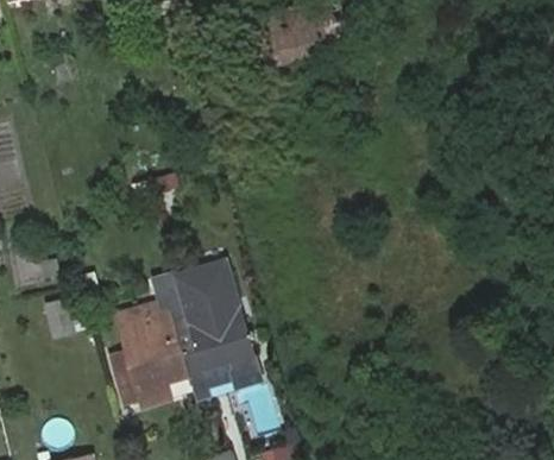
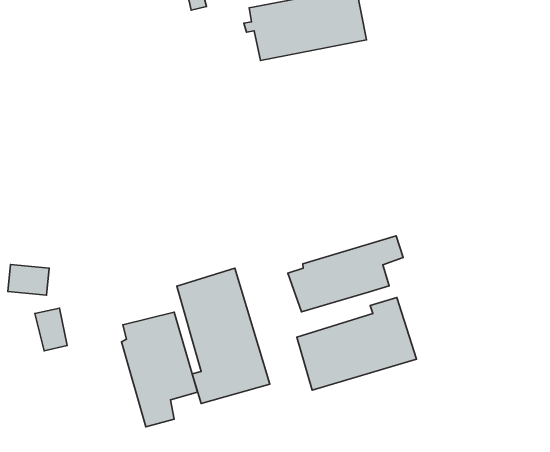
building: none -> [288,236,403,312]
building: none -> [297,298,416,390]

